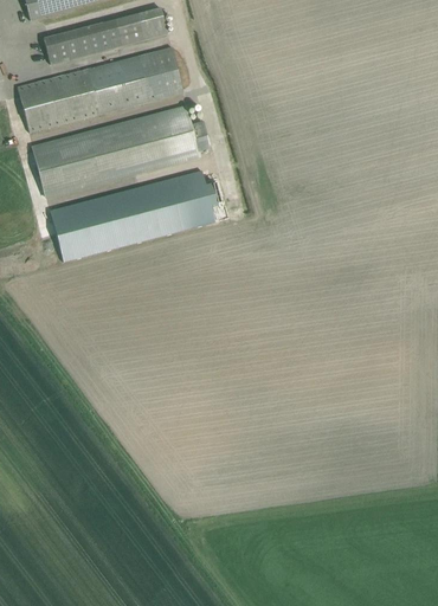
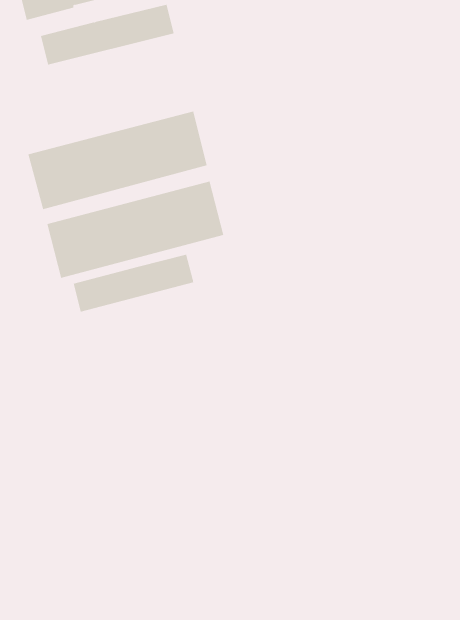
building: [17,45,182,131] -> none
building: none -> [73,254,194,312]

